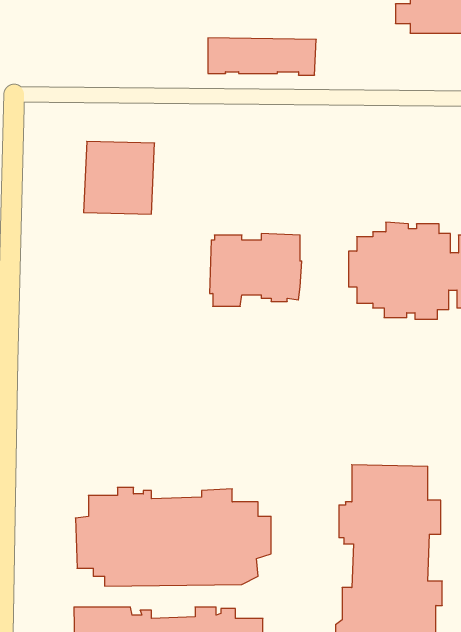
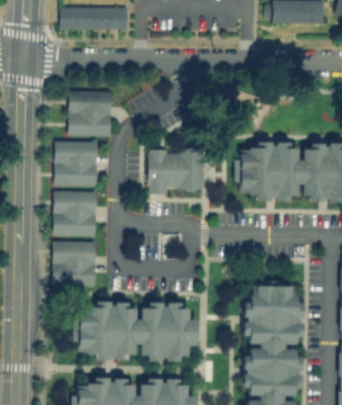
building: [208,38,316,75] -> [65,6,133,29]
building: none -> [60,140,104,185]
building: none -> [59,190,102,236]
building: none -> [59,241,101,287]

